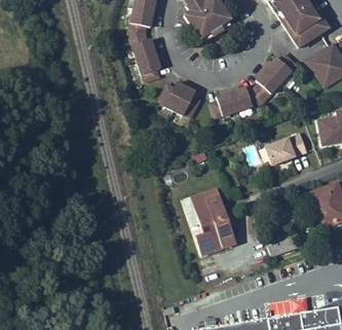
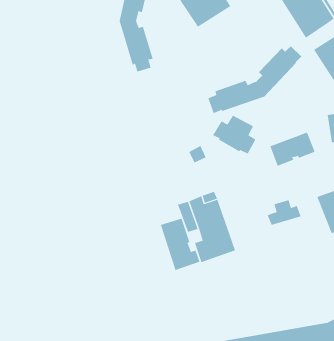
building: [156,81,196,117] -> [212,115,256,154]
building: none -> [160,218,200,271]
building: [267,232,299,256] -> [267,200,302,225]

